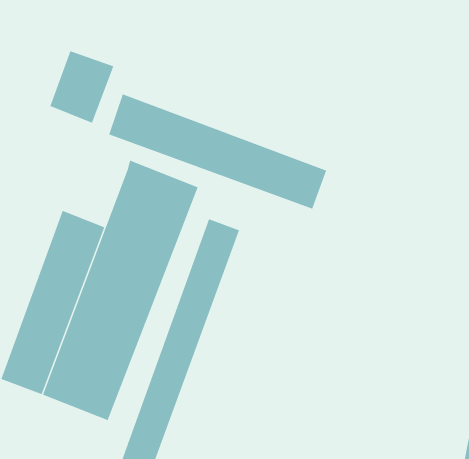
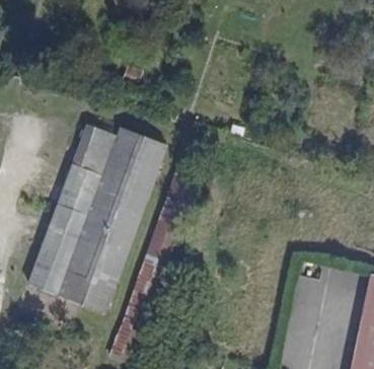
building: [50,50,114,123] -> [72,126,118,177]
building: [109,93,327,209] -> none

